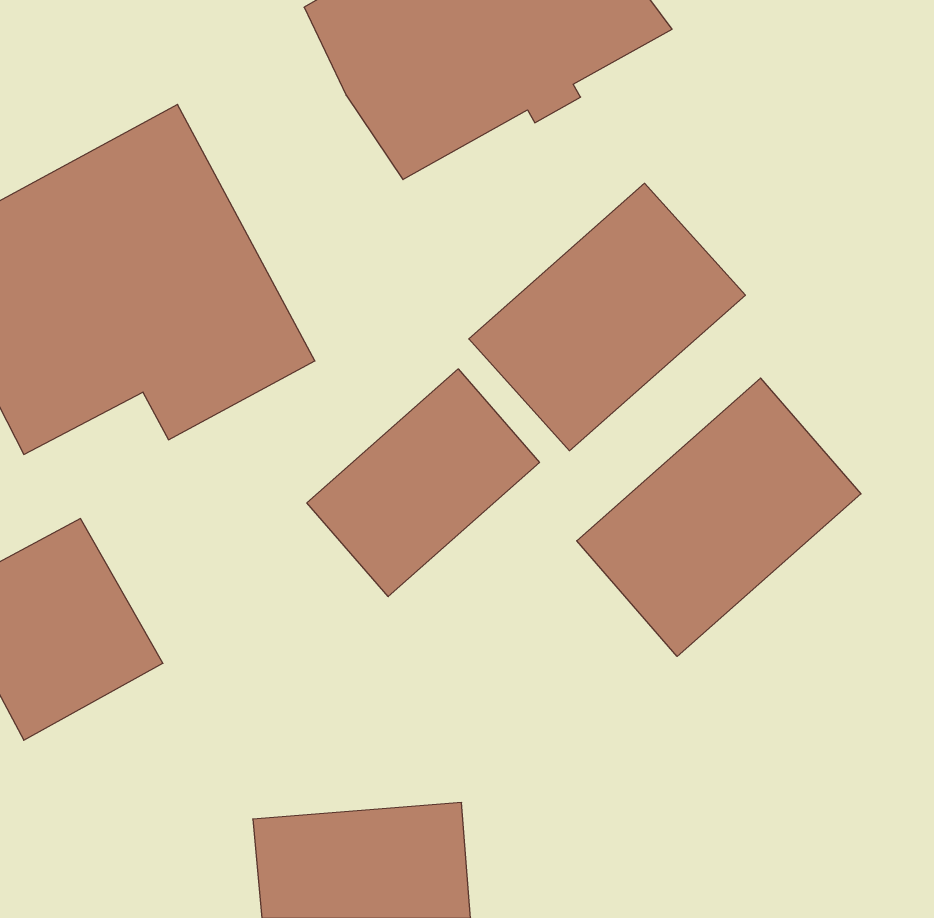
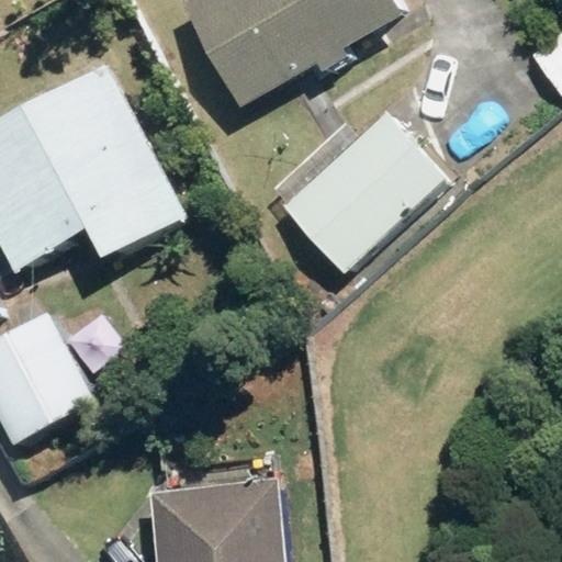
building: [307,369,539,597] -> none
building: [577,378,861,656] -> none

